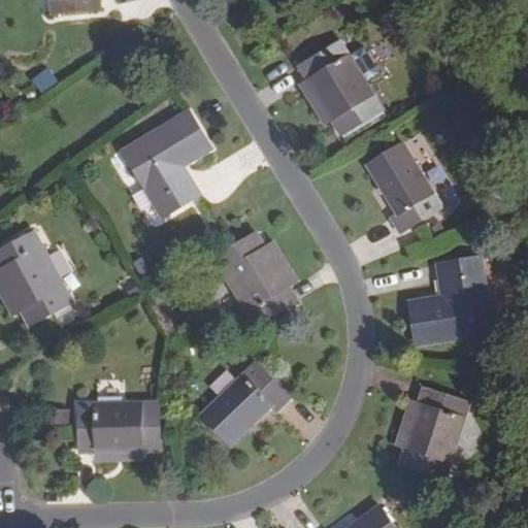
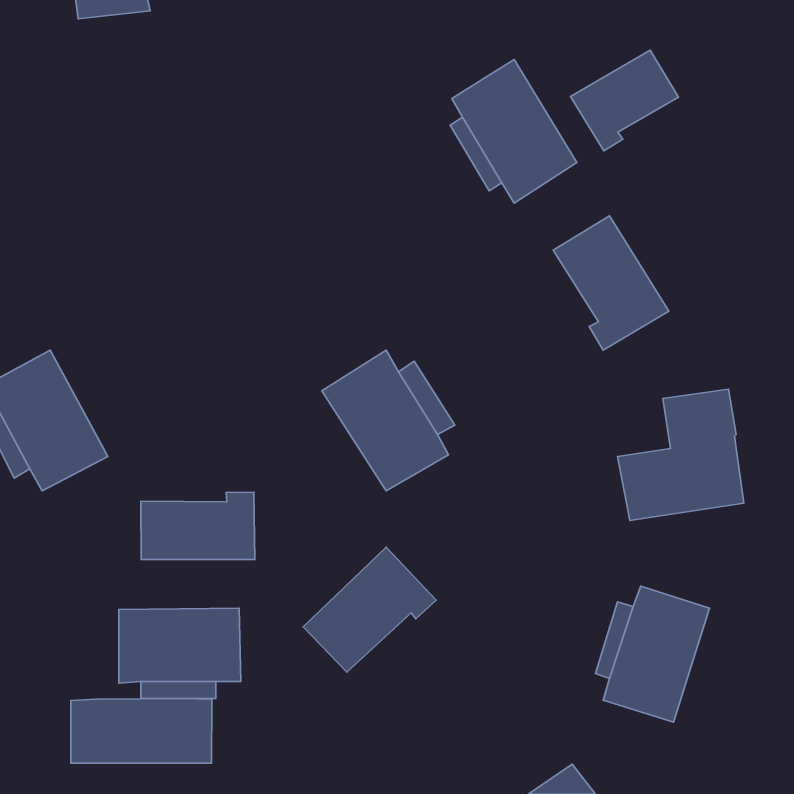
building: none -> [571,50,678,151]
building: [123,109,210,216] -> none
building: none -> [141,492,255,560]
building: none -> [71,699,212,763]

